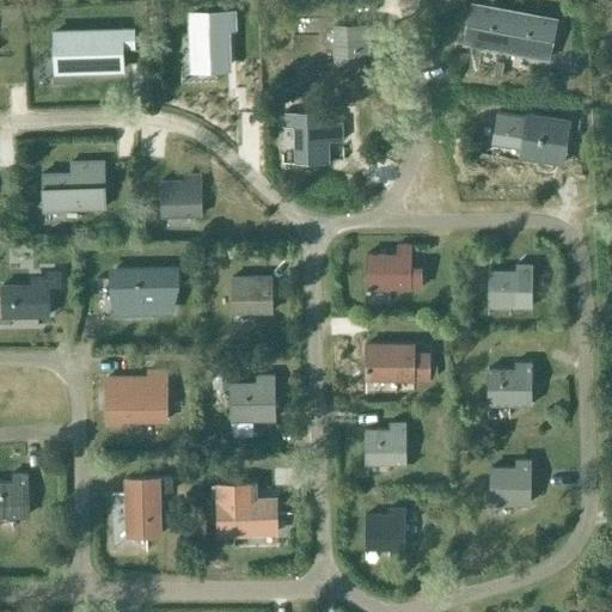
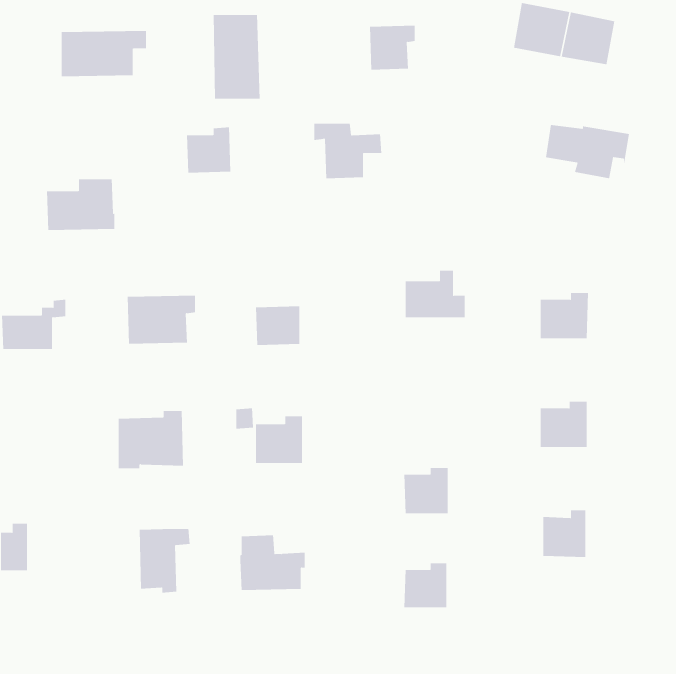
building: [160,176,201,218] -> [186,127,231,173]
building: [366,347,429,380] -> none

